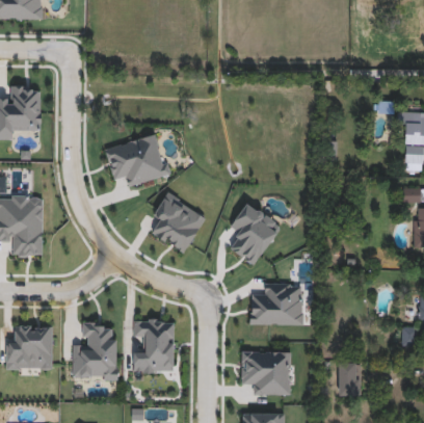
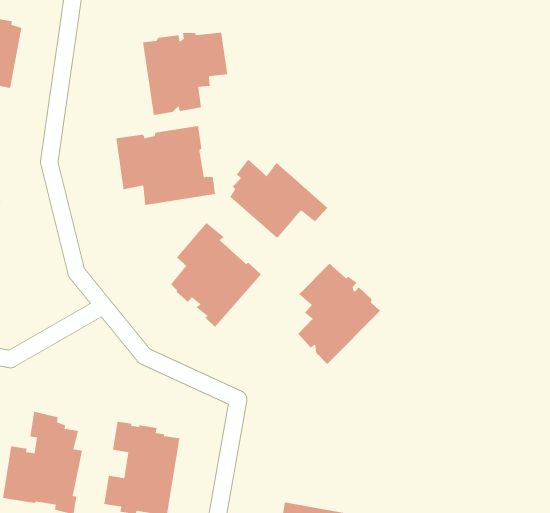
building: none -> [142,32,228,116]
building: none -> [229,159,328,239]
building: [247,286,302,324] -> none

